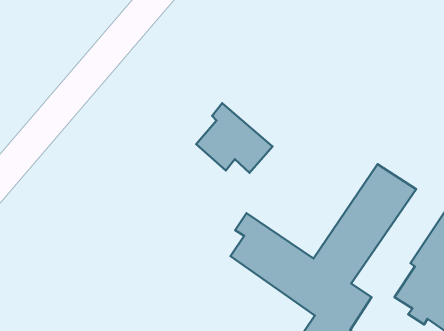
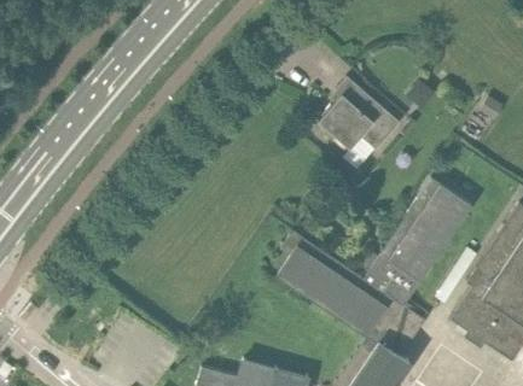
building: [196,103,272,173] -> [319,77,400,151]

